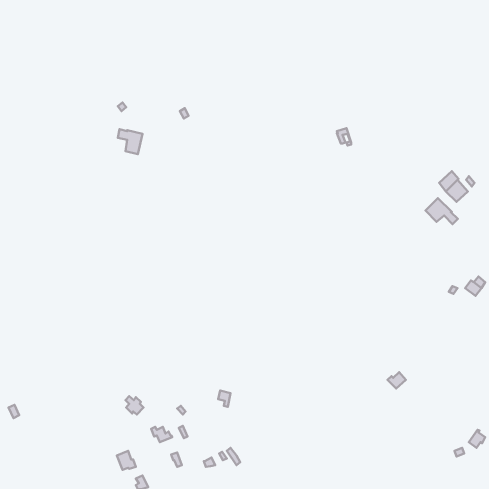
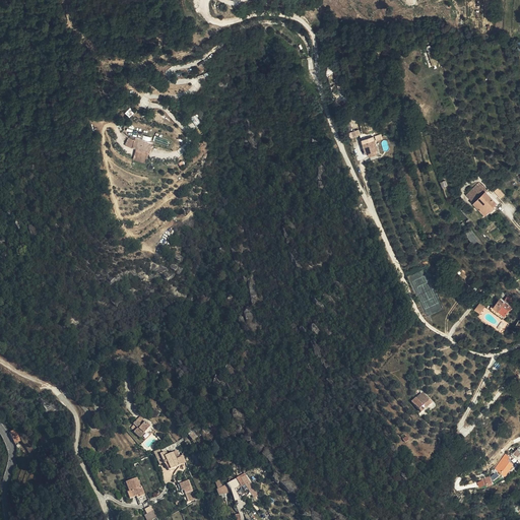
building: [426,198,458,224] -> none

